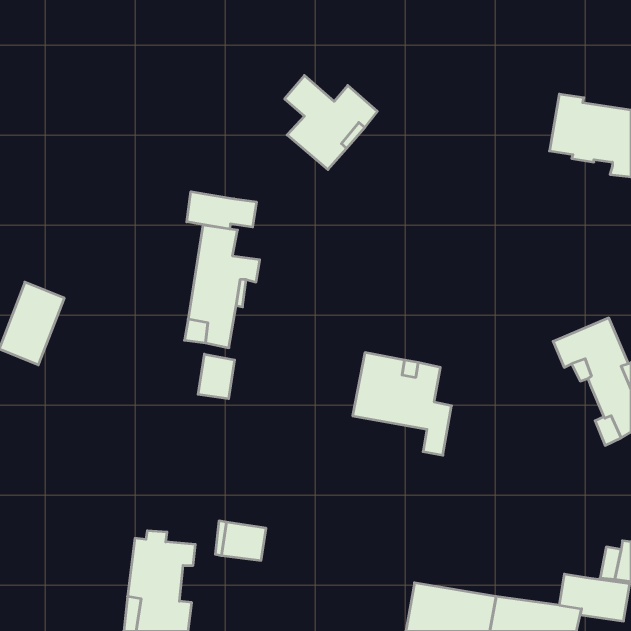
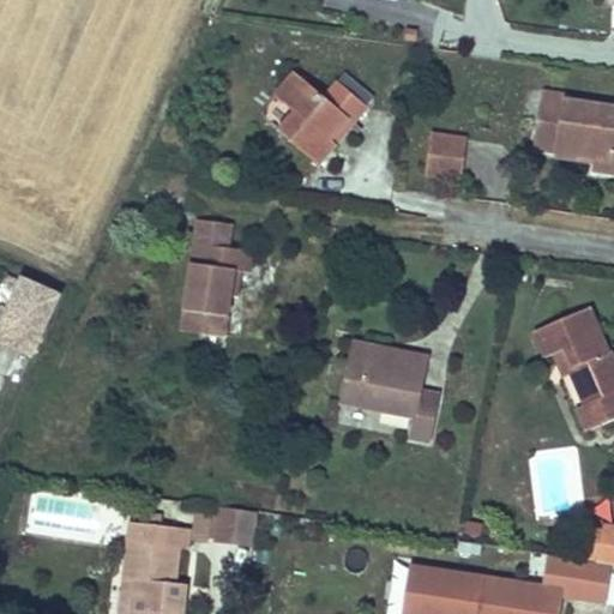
building: none -> [426,133,468,174]
building: [187,192,256,229] -> none
building: [198,354,235,399] -> none

